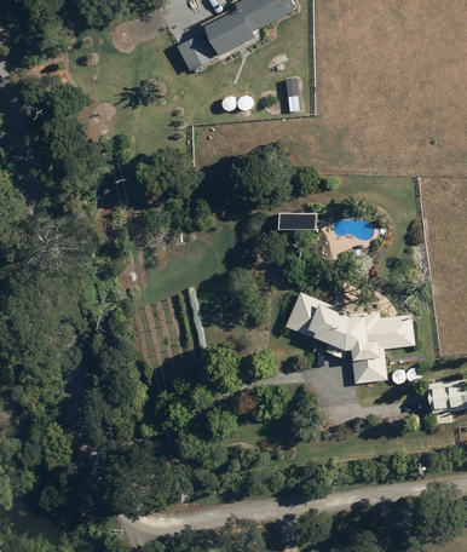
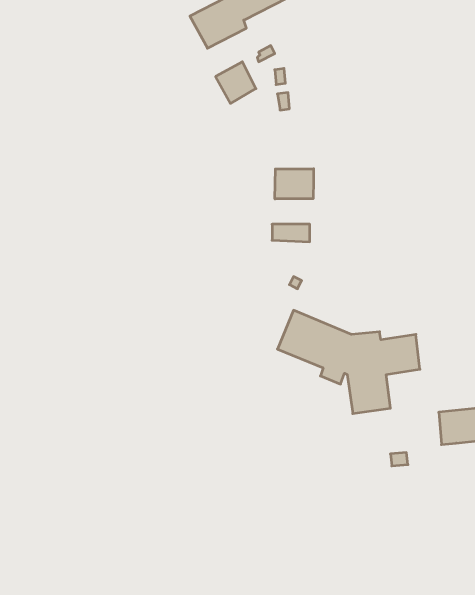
building: [175,34,212,71] -> [216,62,256,103]
building: none -> [275,169,314,199]

